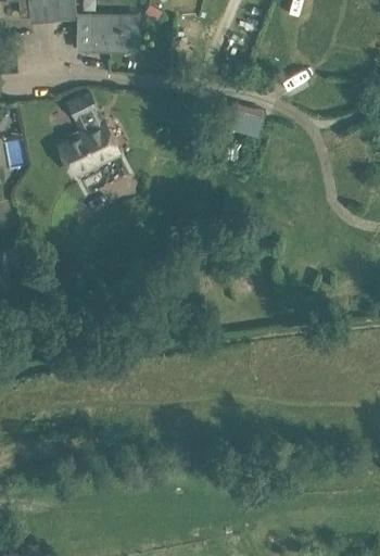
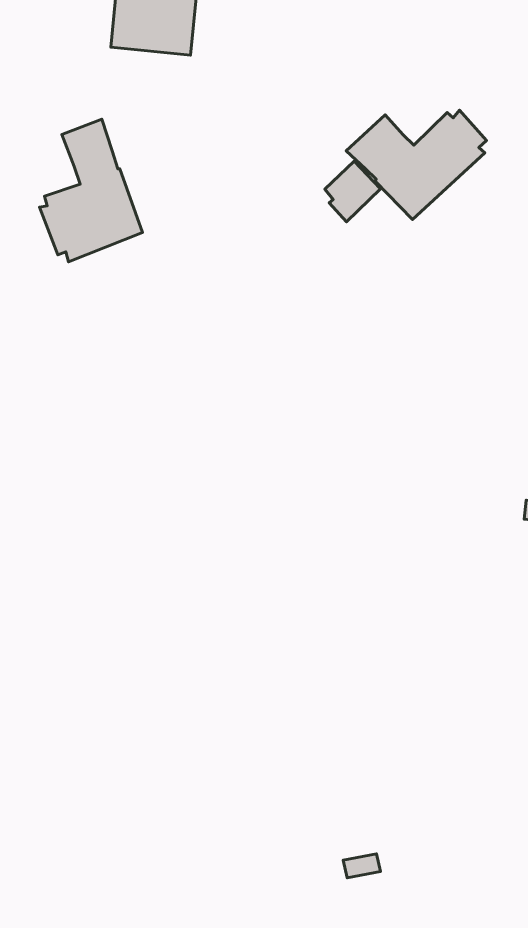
building: none -> [346,110,487,219]

